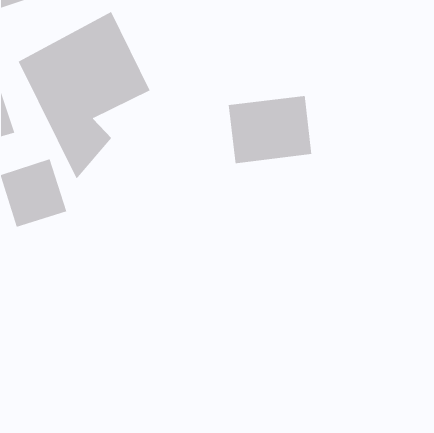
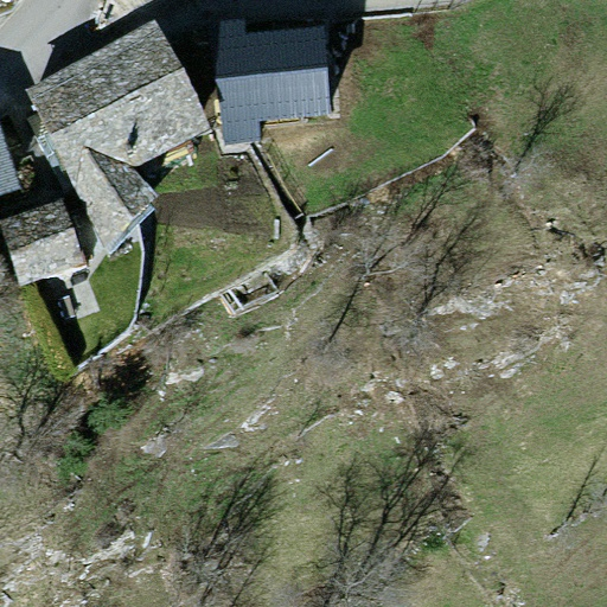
building: [228,96,312,164] -> [213,39,331,134]

